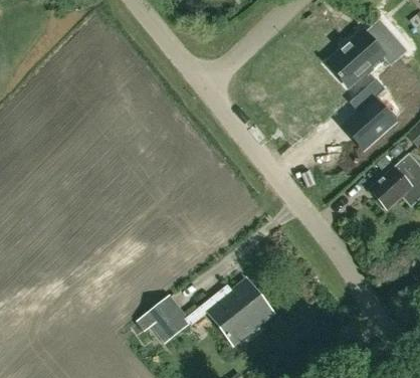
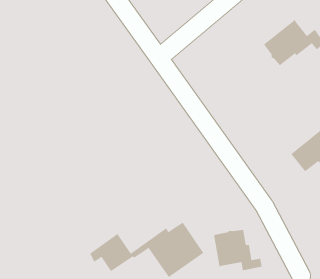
building: [343,76,395,149] -> none
building: none -> [213,229,262,271]

